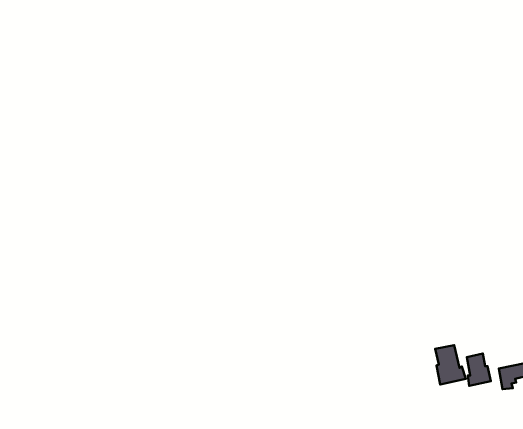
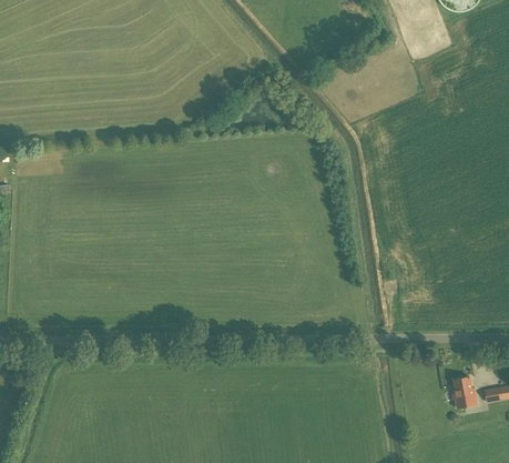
building: [435,345,466,384] -> none

